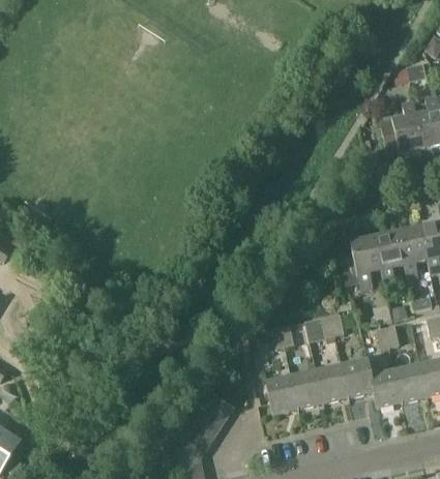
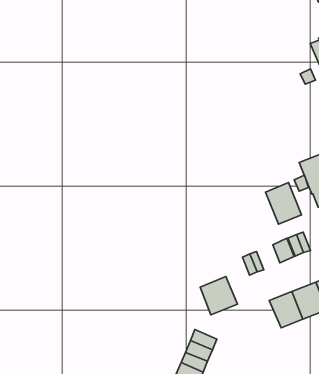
building: none -> [266,183,301,224]
building: [265,376,300,412] -> [200,277,238,315]

